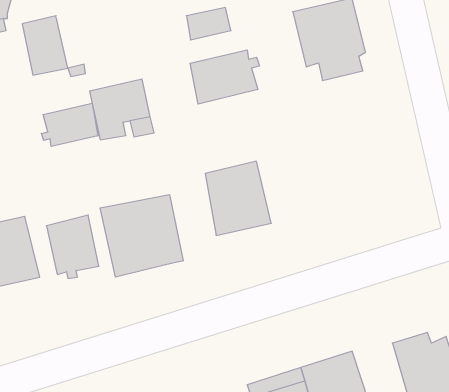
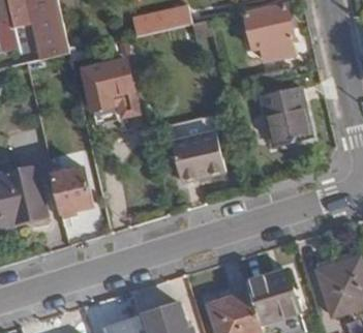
building: [190,50,259,104] -> none
building: [41,103,98,146] -> none
building: none -> [262,87,308,141]
building: [100,195,183,277] -> none

